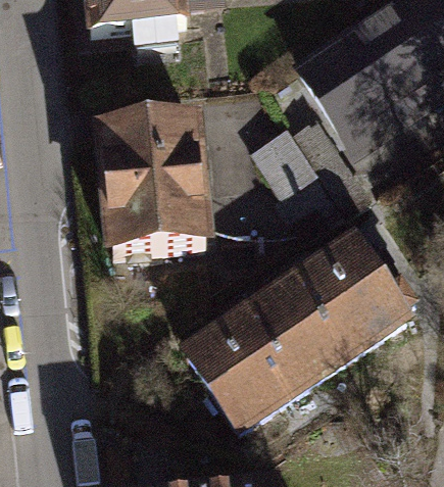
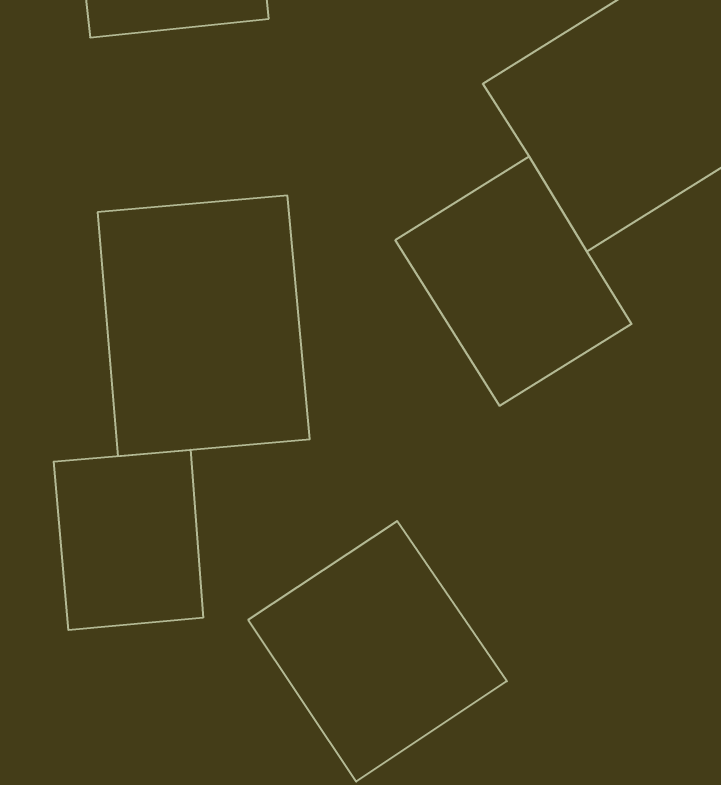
building: [258,245,414,393] -> none
building: none -> [54,450,203,630]

